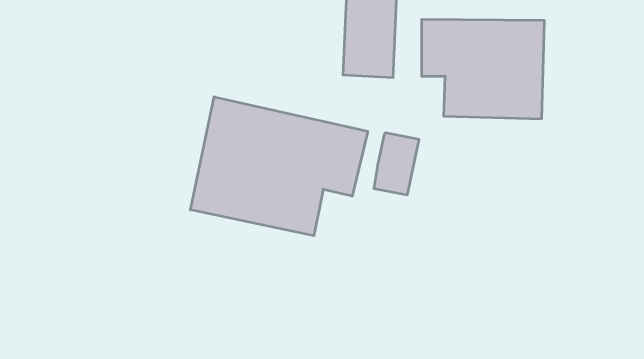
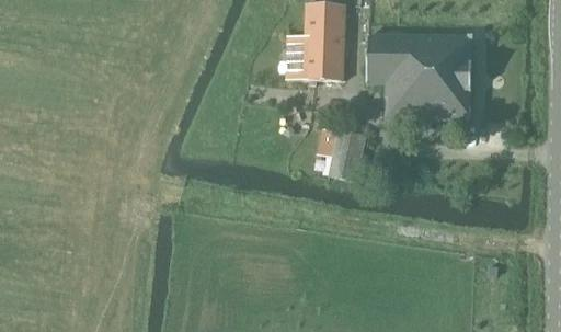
building: [190,97,368,236] -> none

